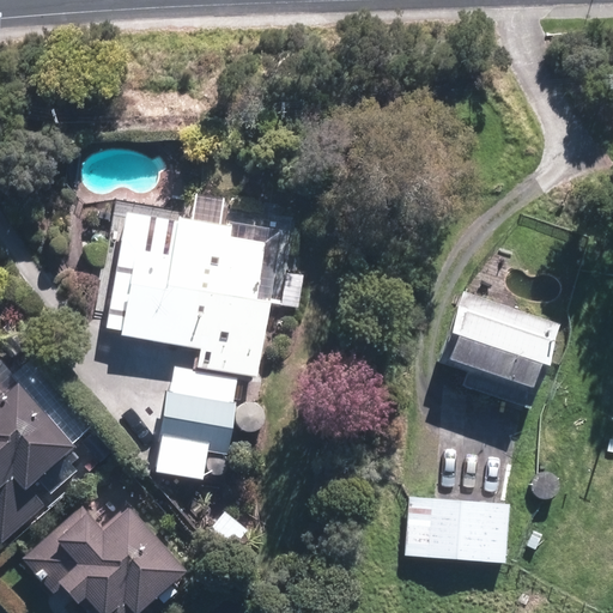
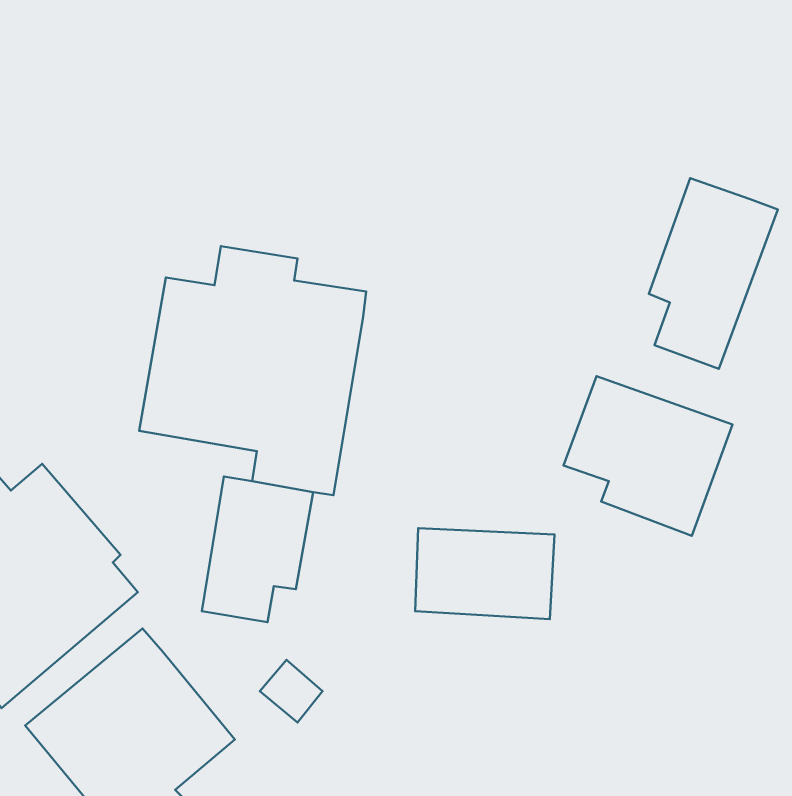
building: none -> [649,178,778,369]
building: [401,498,508,568] -> [415,528,554,619]

